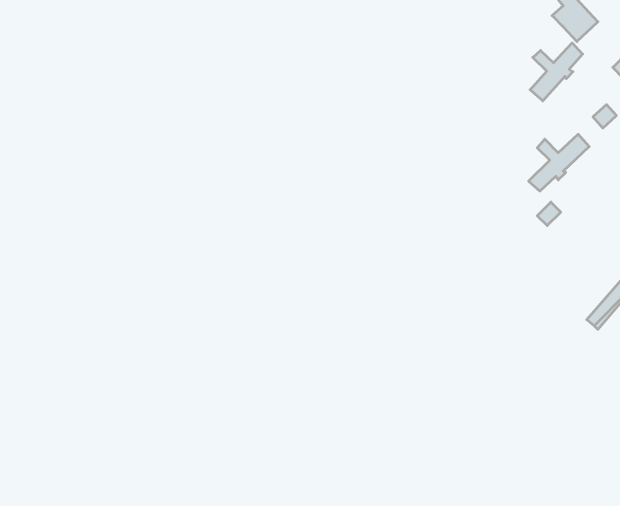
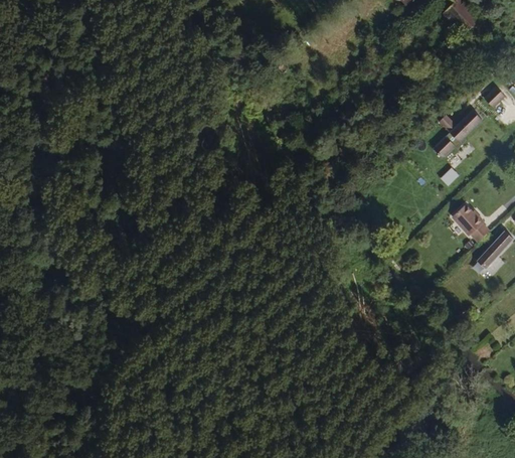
building: [530,43,583,101] -> none
building: none -> [452,206,490,243]

